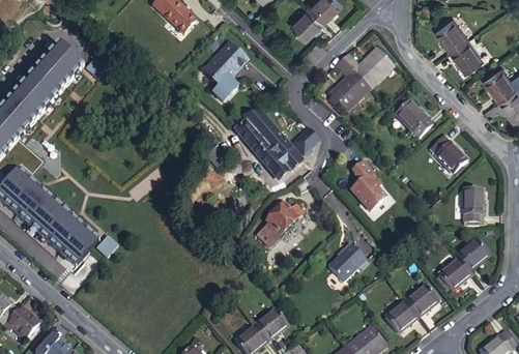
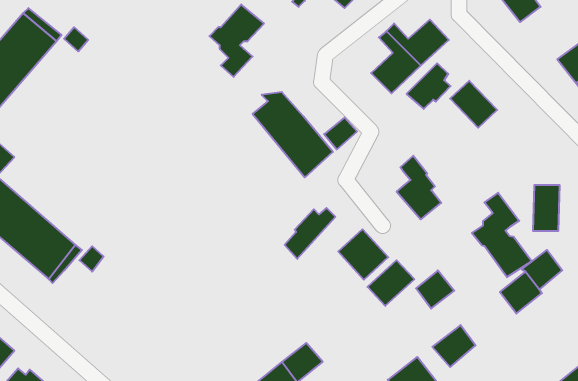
building: [453,39,485,71] -> none
building: none -> [407,63,451,109]
building: [430,136,467,172] -> none
building: none -> [472,193,532,277]
building: none -> [338,229,388,280]
building: [404,284,435,315] -> [416,270,454,309]

